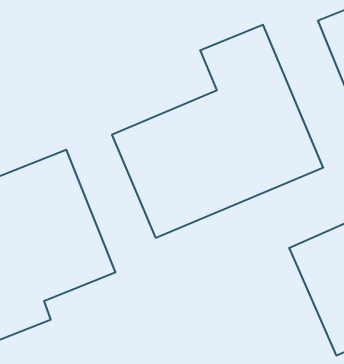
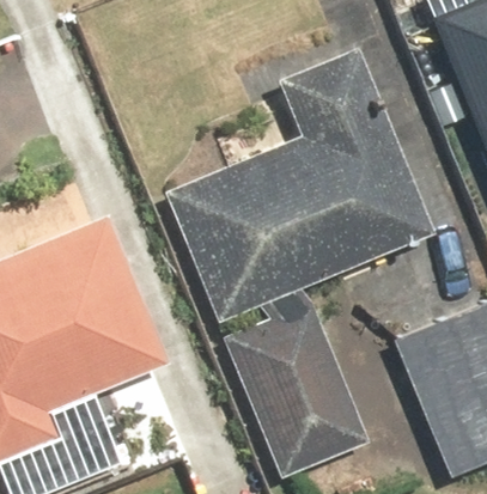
building: none -> [220,301,376,480]

